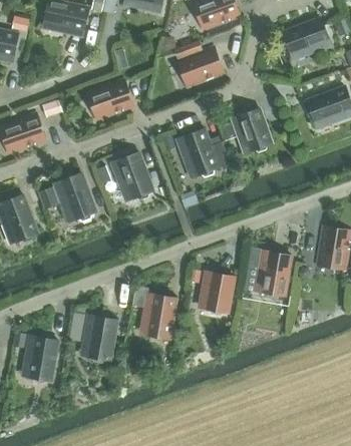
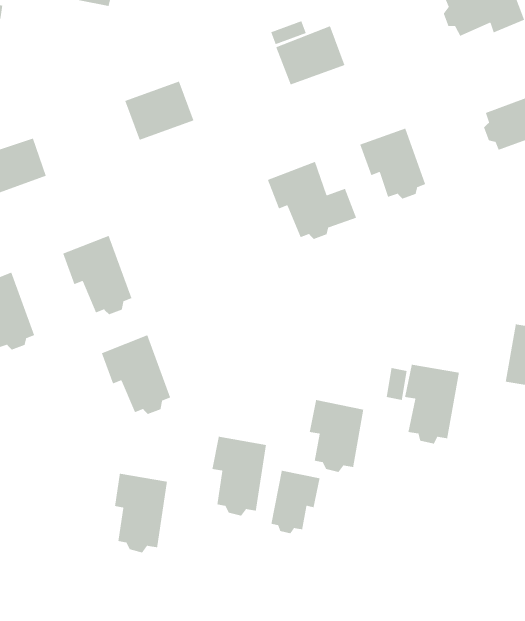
building: [110,152,152,200] -> [101,334,171,415]
building: none -> [271,470,320,534]
building: [23,339,57,387] -> none

